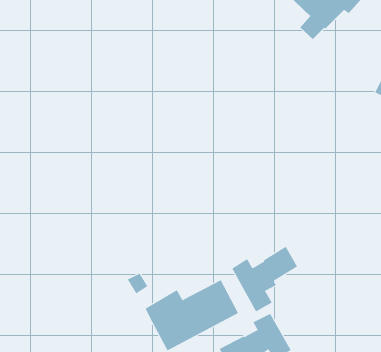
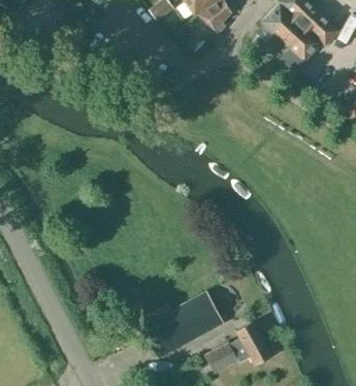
building: [231,246,298,312] -> none

